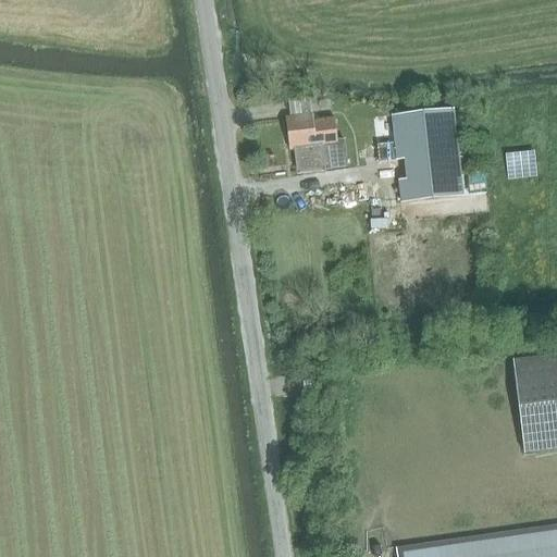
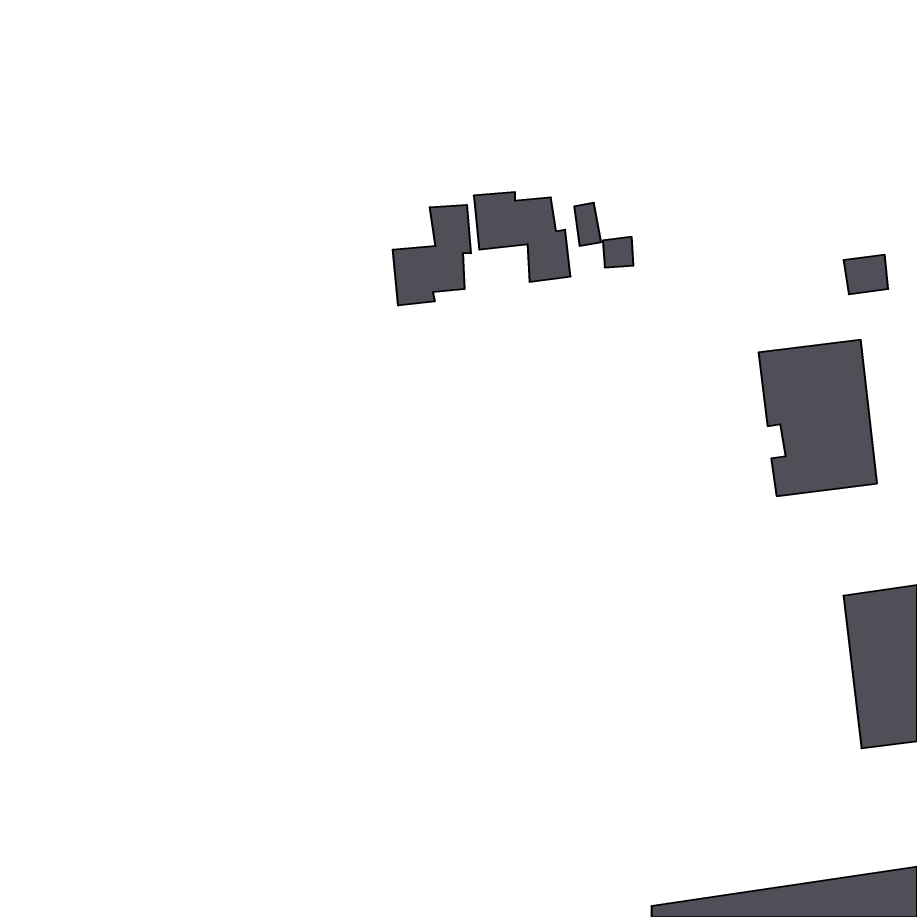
building: [392,109,463,203] -> [759,340,877,496]
building: none -> [393,205,471,306]

